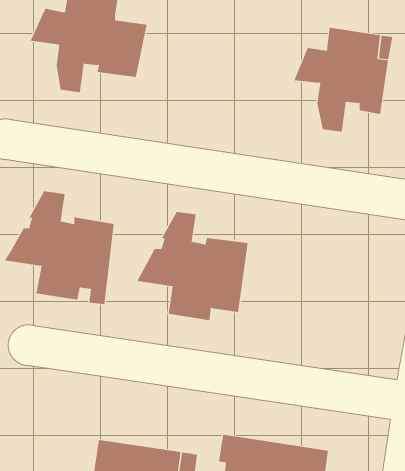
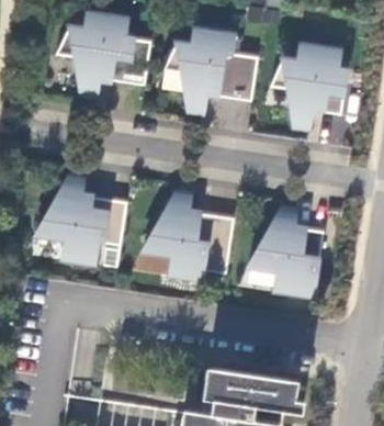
building: none -> [165,27,259,112]
building: none -> [248,206,323,295]

